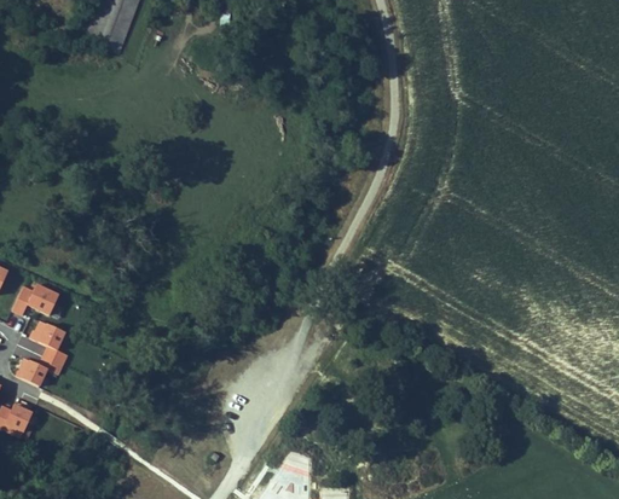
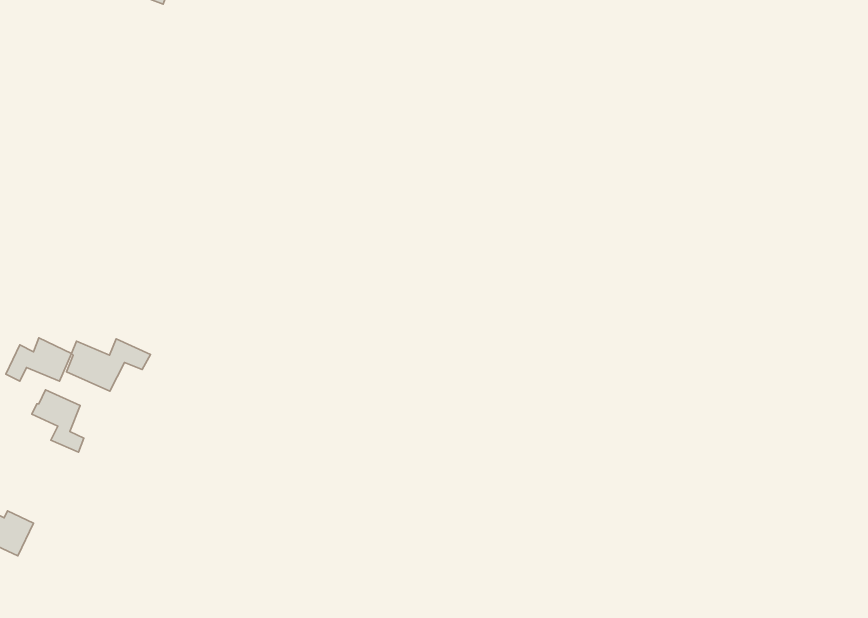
building: none -> [66,339,150,391]
building: [16,355,63,385] -> none

